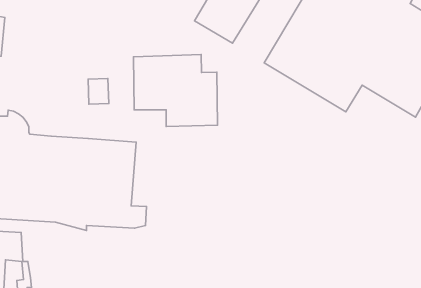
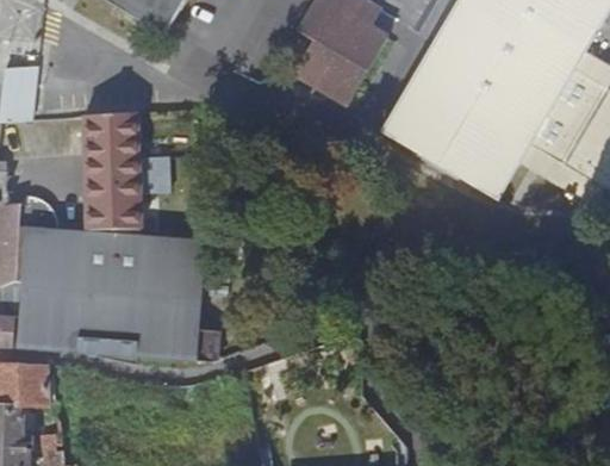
building: none -> [85,113,139,236]
building: [133,55,217,127] -> none

